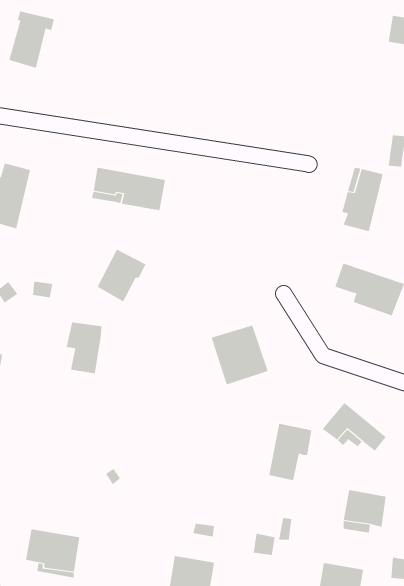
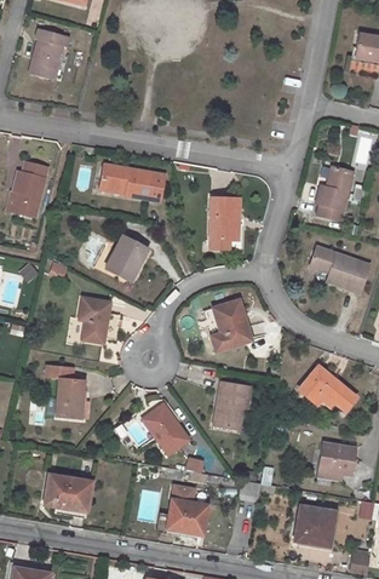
building: none -> [211,197,240,239]
building: none -> [47,365,85,418]
building: [269,423,312,481] -> [213,379,251,429]
building: none -> [143,402,188,452]

